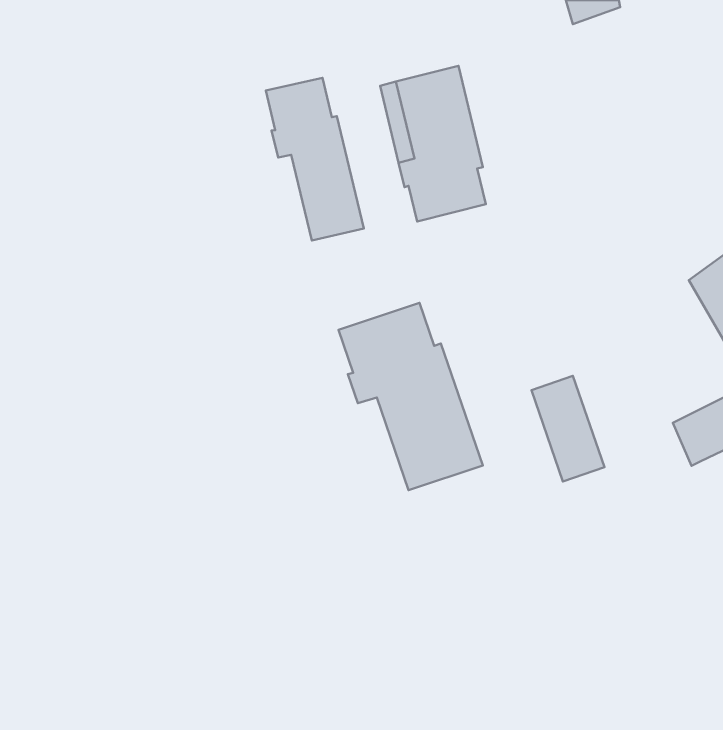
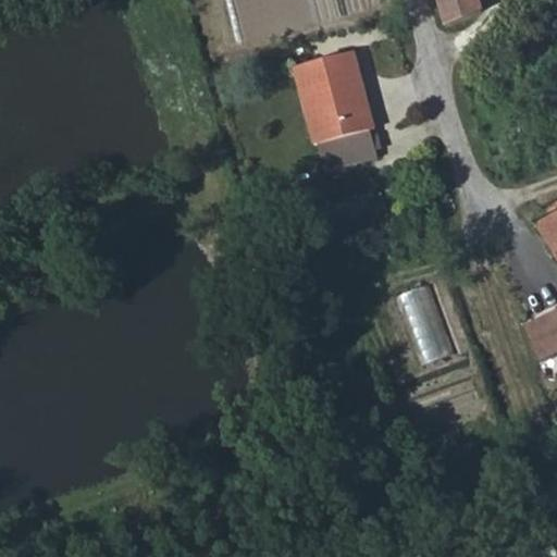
building: [266,78,364,240] -> none
building: [338,303,483,490] -> none

